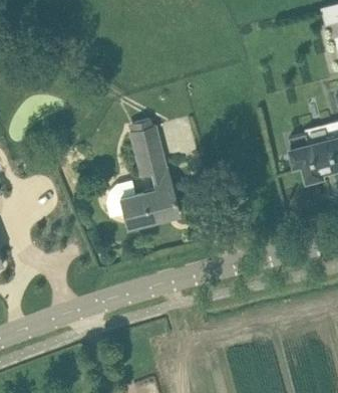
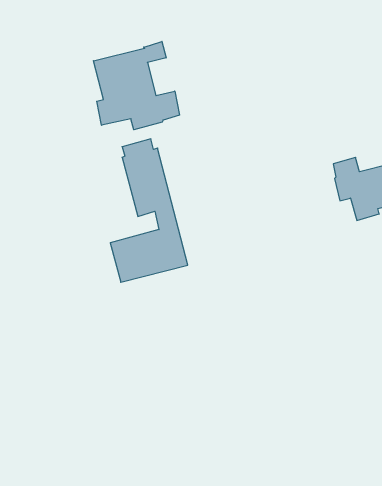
building: none -> [93,41,180,130]

